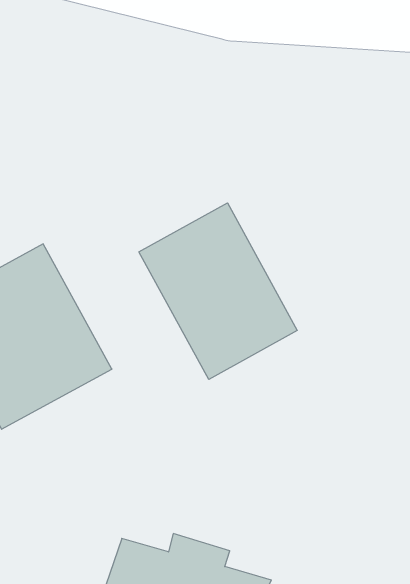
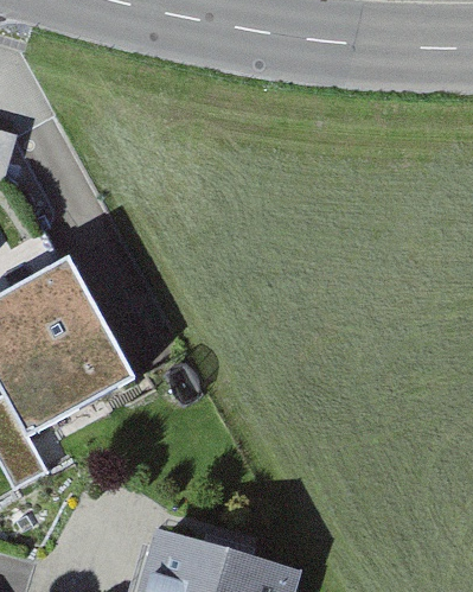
building: [139,203,297,379] -> none

